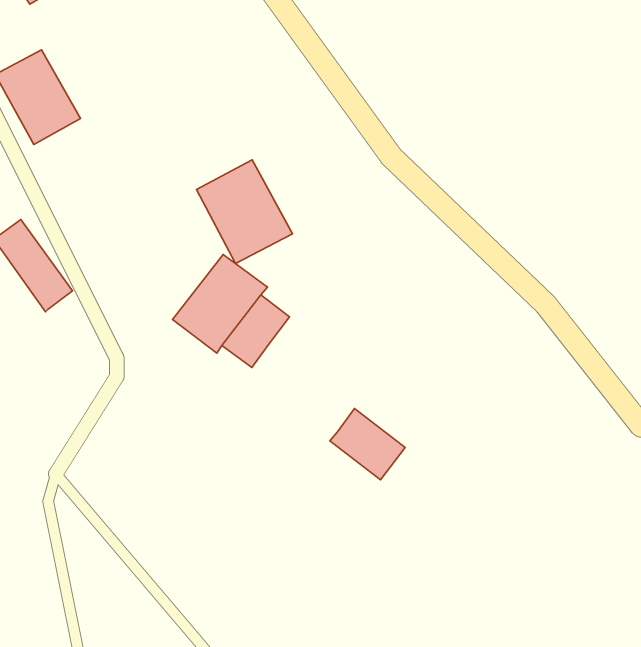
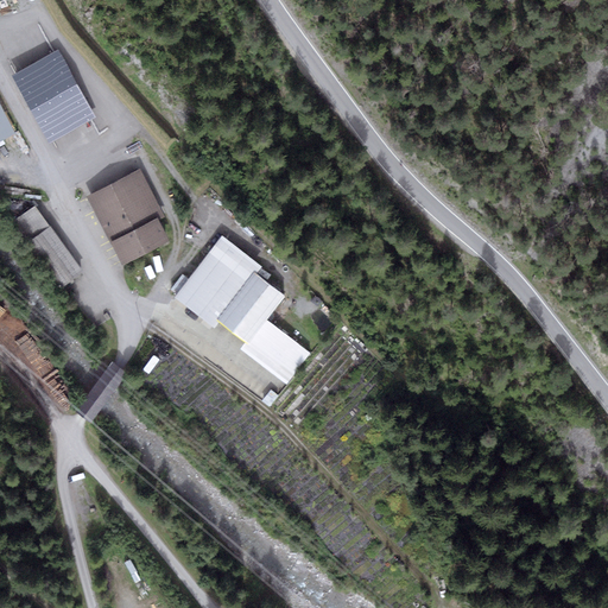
building: [197,160,293,264] -> [87,169,175,264]
building: [330,409,405,480] -> [240,318,309,384]

